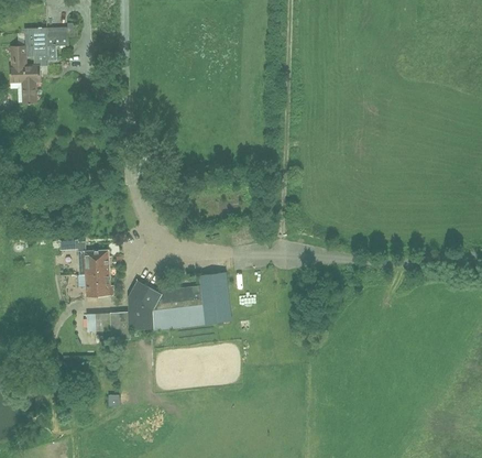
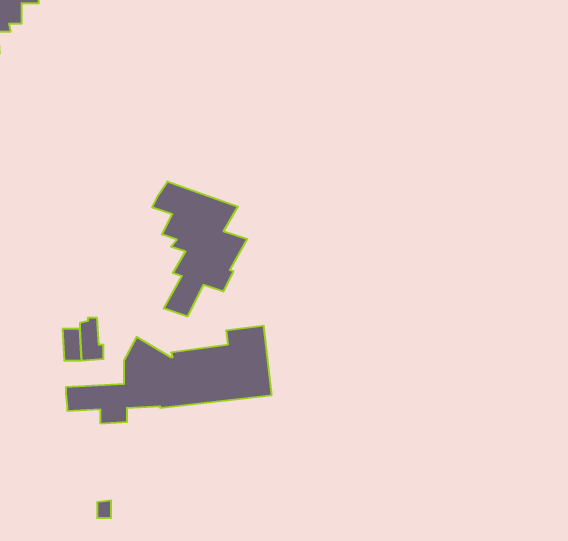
building: none -> [152,181,247,316]
building: [77,250,109,275] -> none

